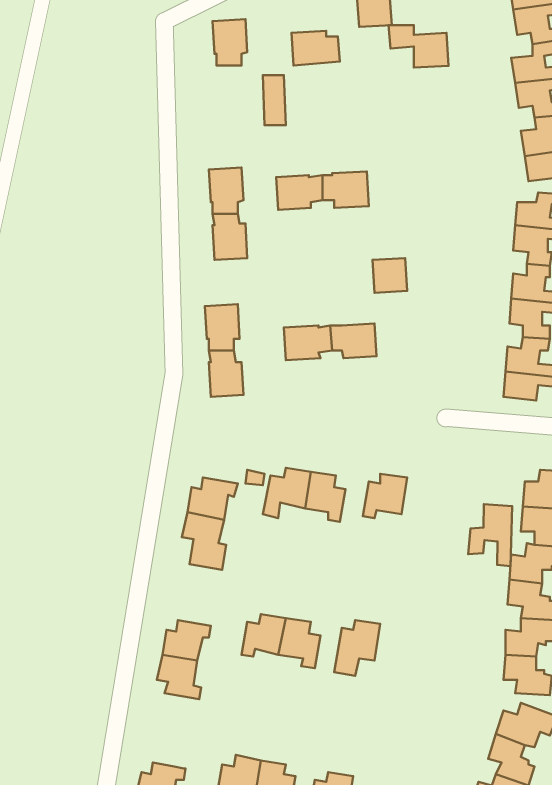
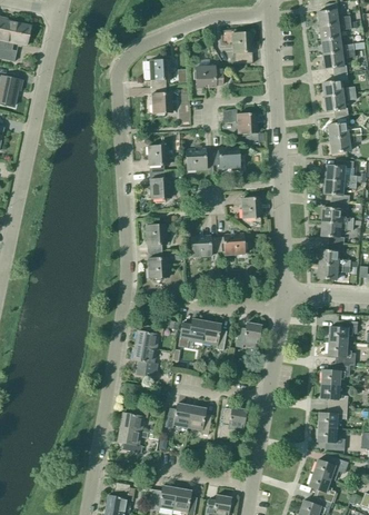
building: [389,25,448,68] -> [222,109,257,133]
building: none -> [151,87,171,113]
building: [468,504,512,566] -> none

